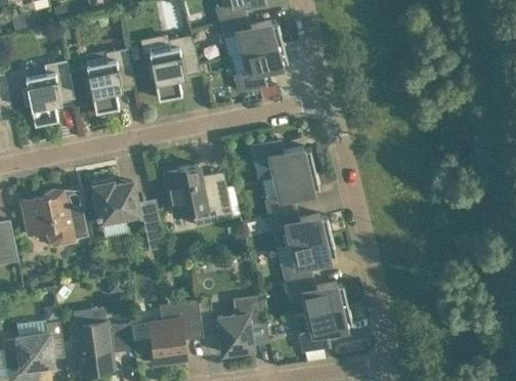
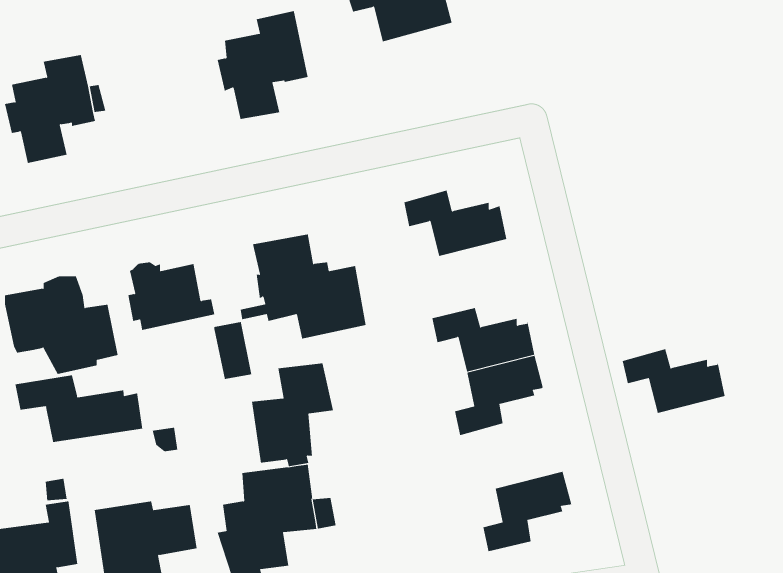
building: [233,42,286,90] -> none
building: [81,48,134,112] -> none
building: [265,168,317,214] -> none
building: none -> [15,374,143,443]
building: [285,276,345,313] -> [622,349,726,414]
building: [215,295,263,355] -> [251,363,334,467]

